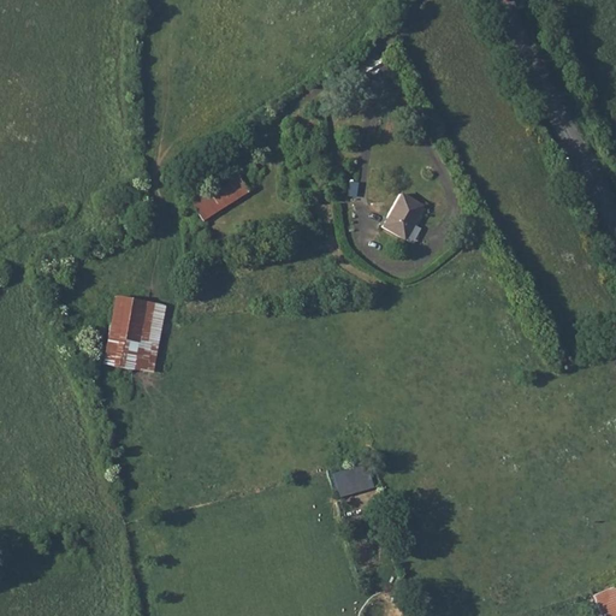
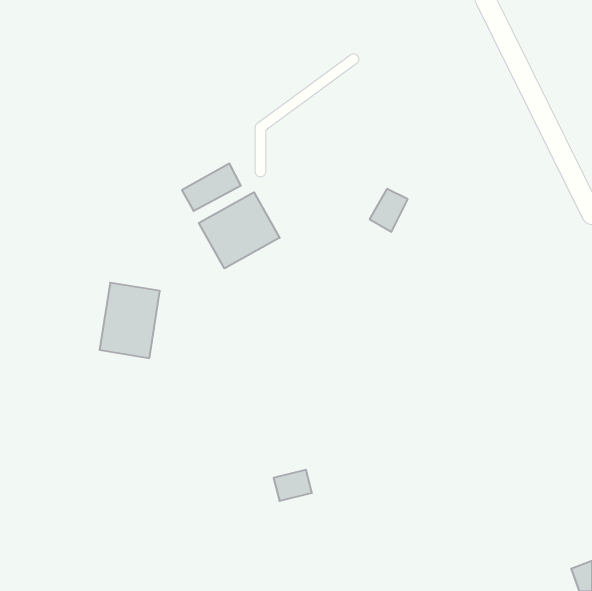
building: none -> [199,192,280,268]
building: [333,463,373,496] -> [274,470,312,501]

